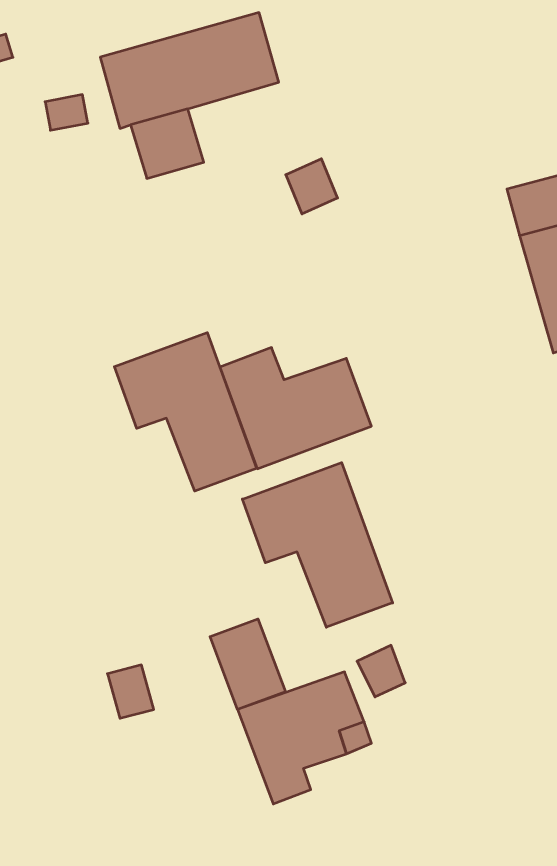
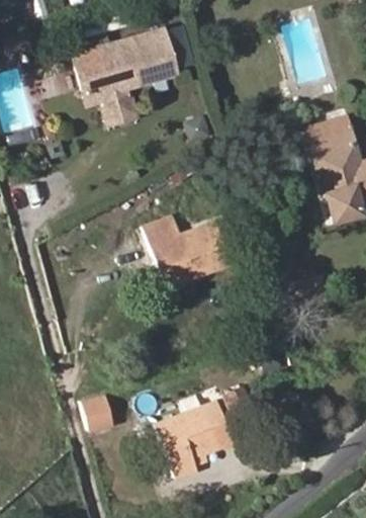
building: [114,333,257,491] -> none
building: [242,463,393,627] -> none
building: [210,619,285,709] -> none

